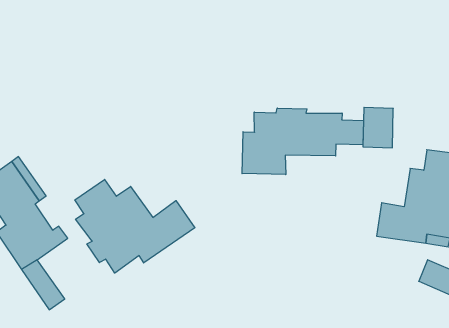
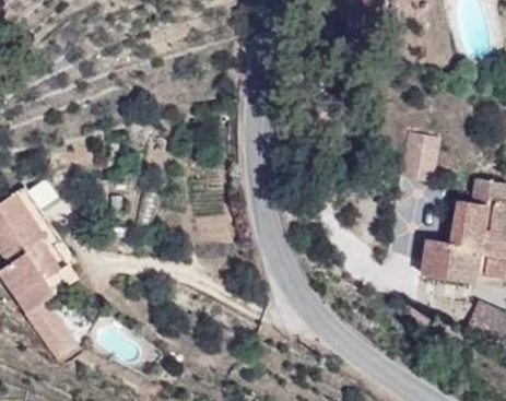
building: [242,108,364,175] -> none
building: [75,179,195,273] -> none

